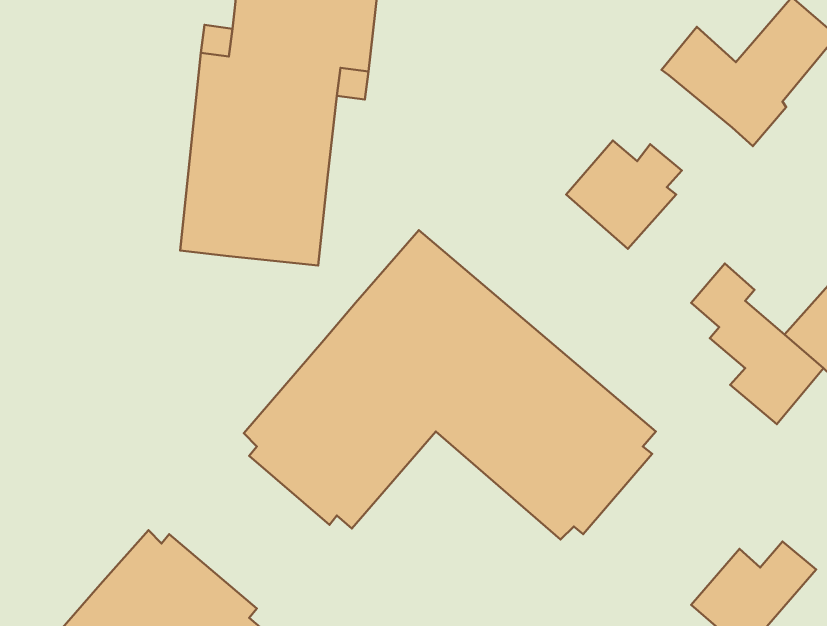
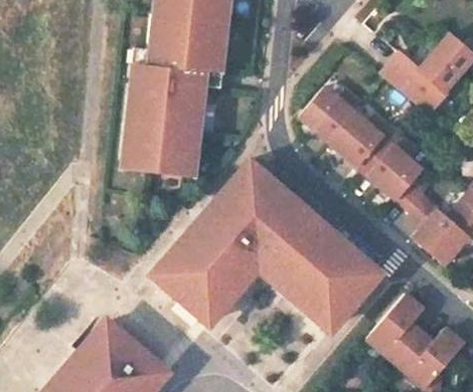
building: none -> [299,86,361,142]
building: none -> [362,137,423,200]
building: none -> [367,293,424,363]

